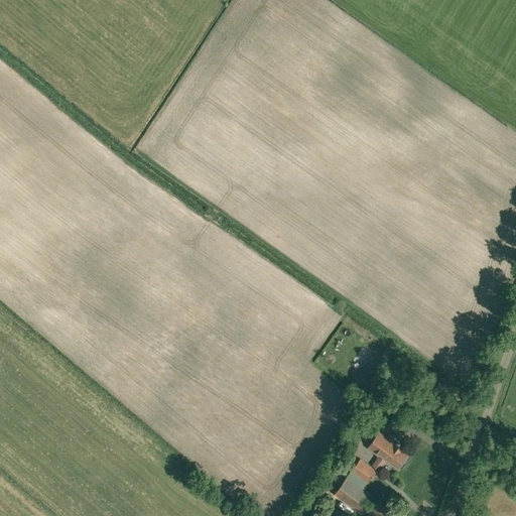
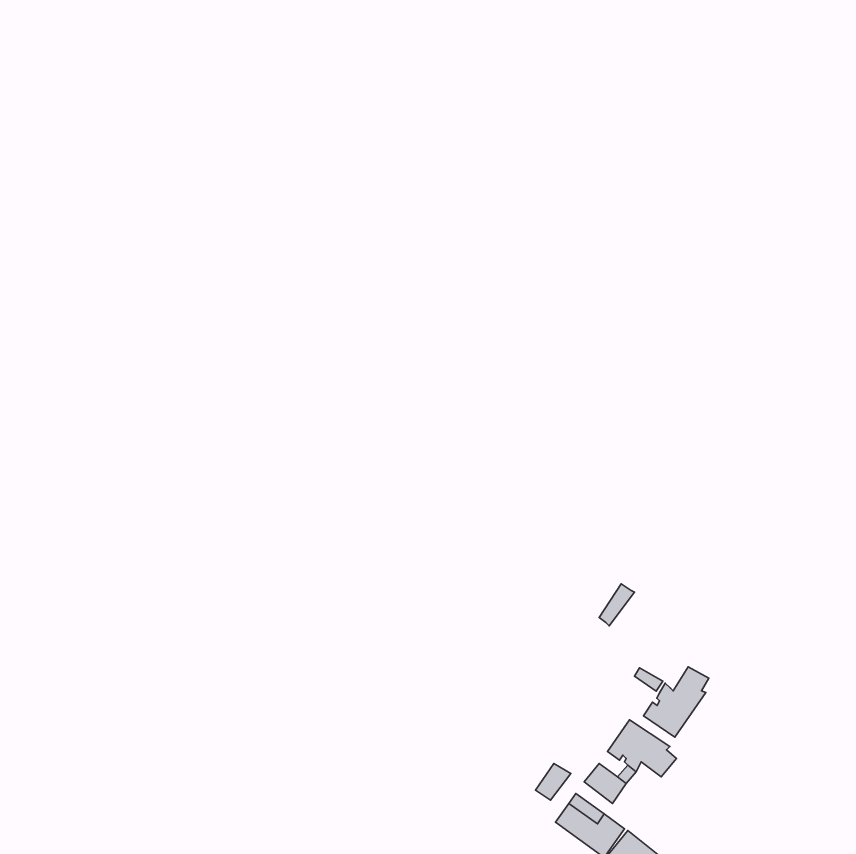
building: none -> [643,667,709,737]

